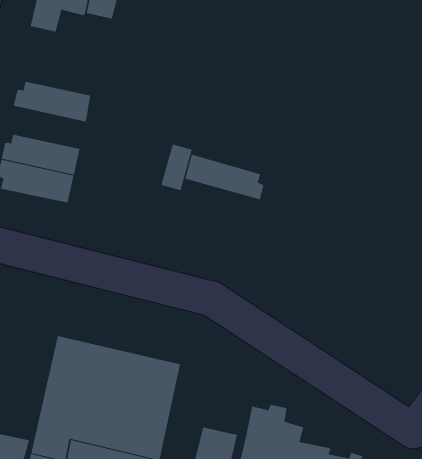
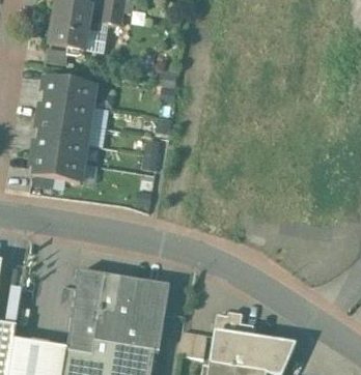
building: none -> [41,79,94,107]
building: none -> [35,117,89,144]
building: [185,154,264,200] -> none

